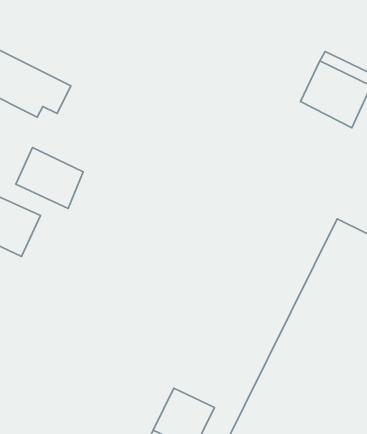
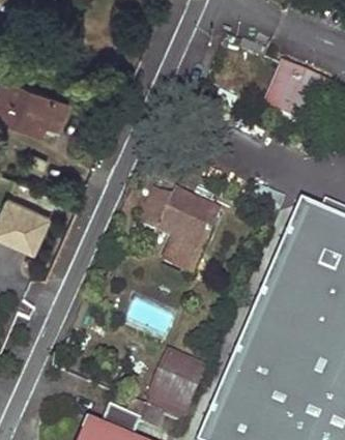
building: [16,147,83,209] -> none
building: none -> [139,192,218,271]

